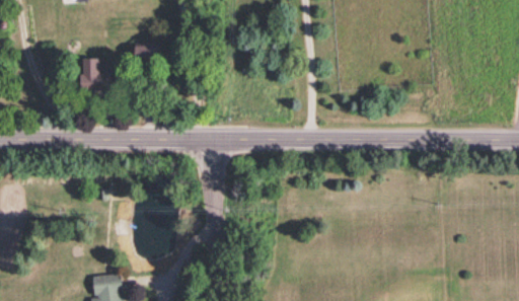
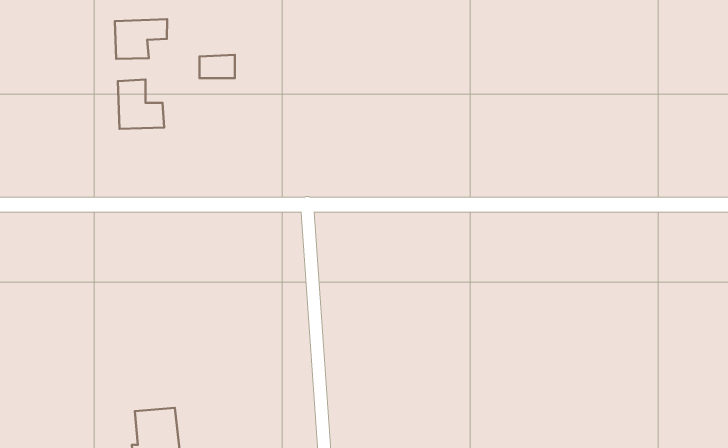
building: none -> [115,19,167,59]

